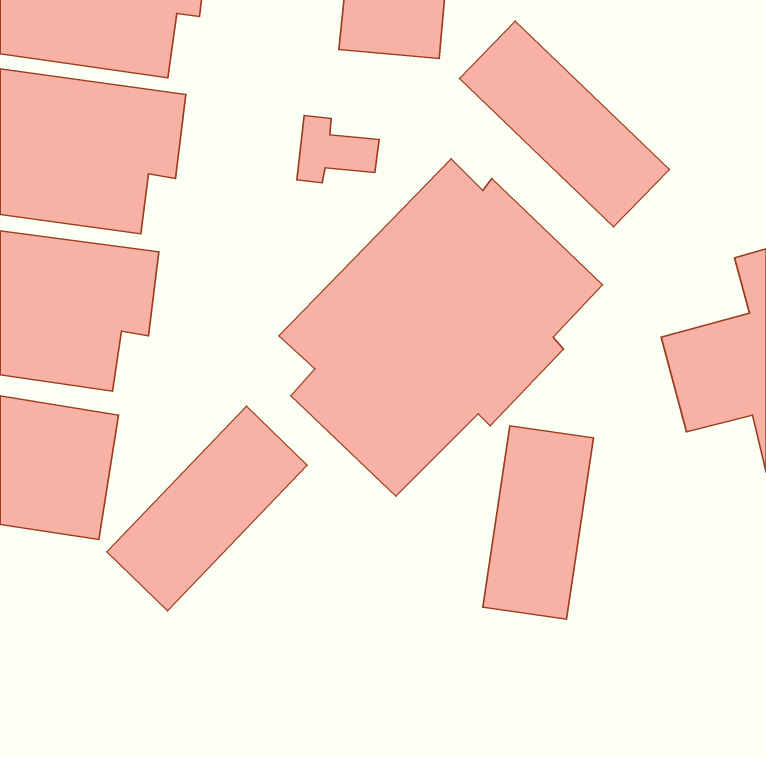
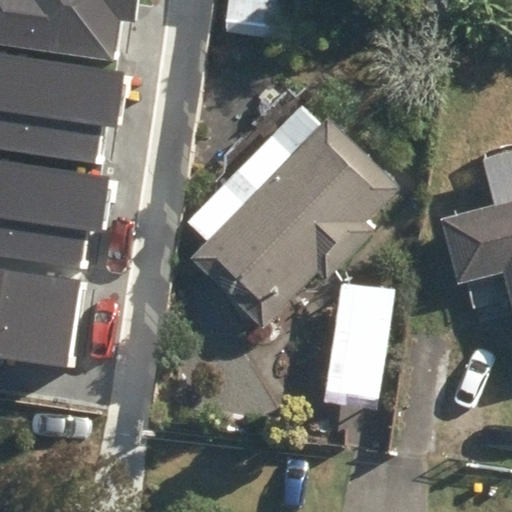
building: [459,21,669,227] -> none
building: [107,406,307,611] -> none

